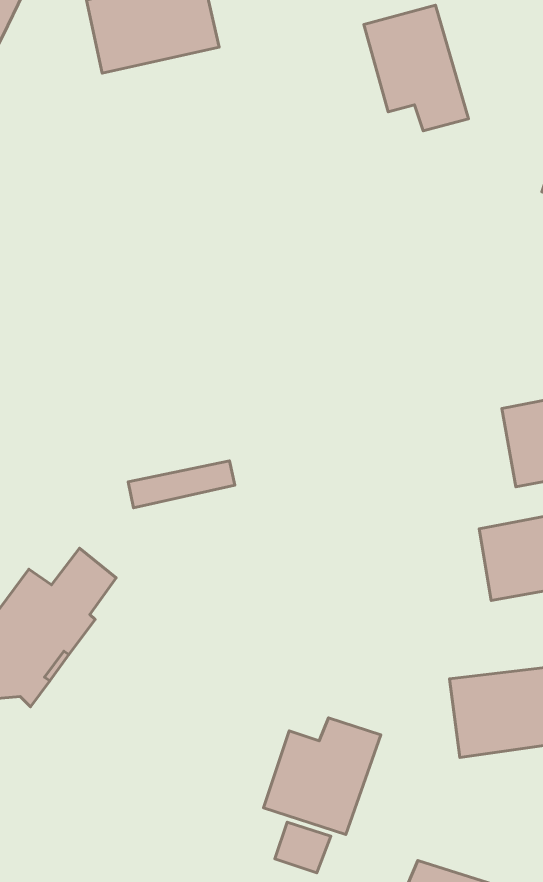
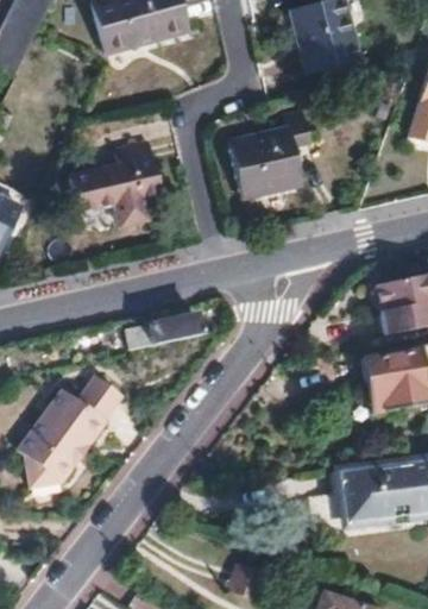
building: none -> [222,119,303,203]
building: none -> [65,142,156,224]
building: [263,718,381,834] -> none

